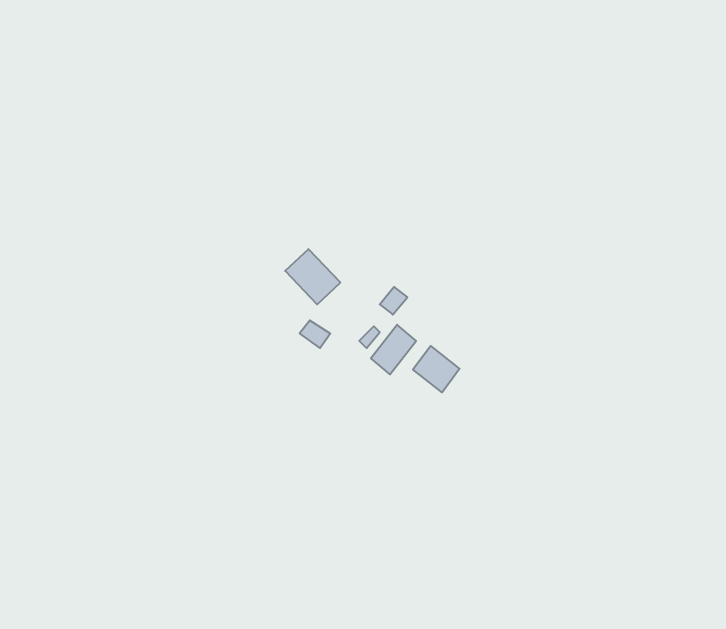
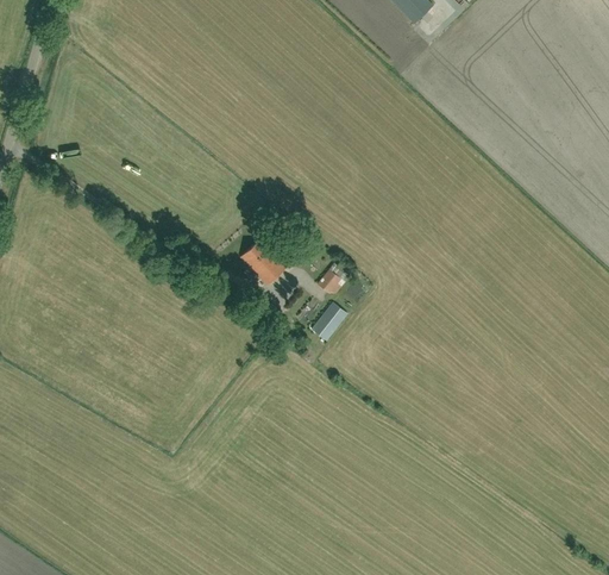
building: [413,346,460,392] -> none

